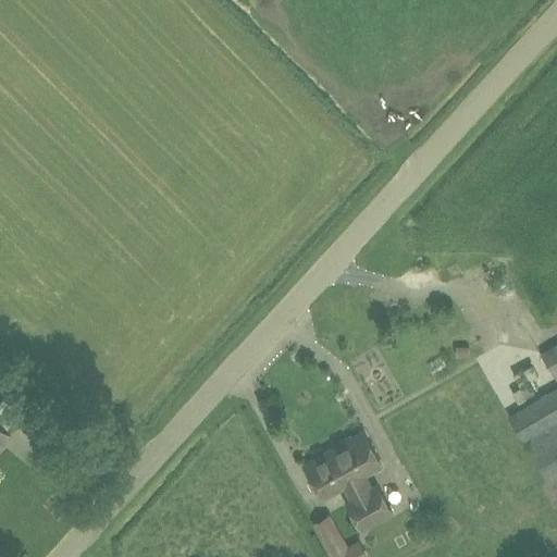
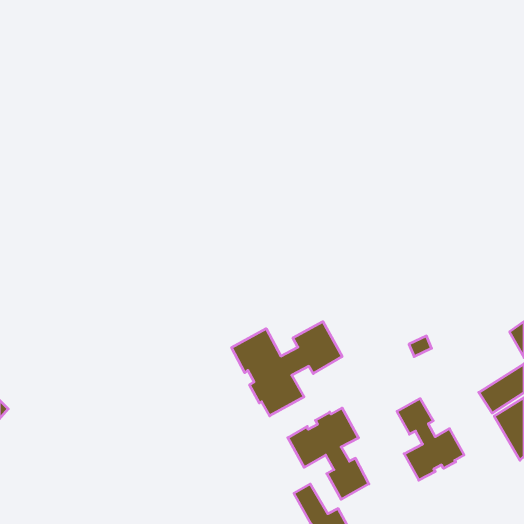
building: none -> [232,322,342,416]
building: none -> [397,399,464,480]

